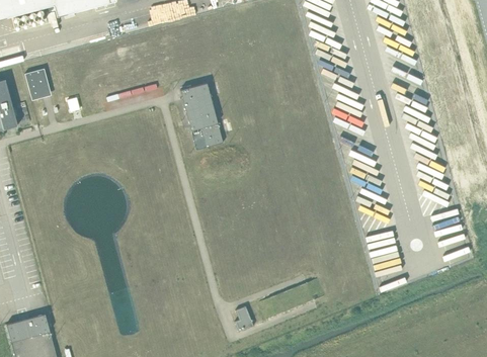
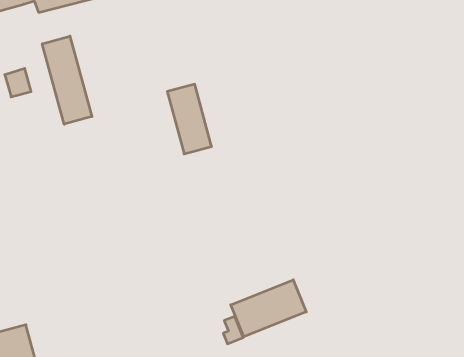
building: none -> [42,36,92,124]
building: none -> [231,280,306,337]

